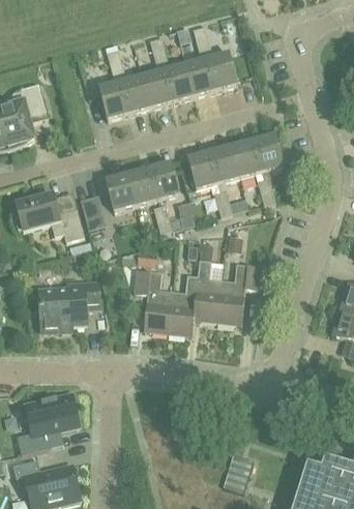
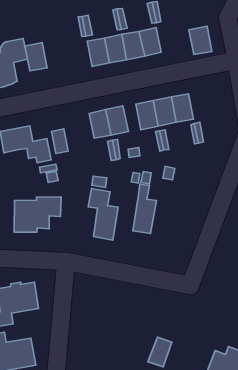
building: [206,53,237,90] -> [189,26,212,54]
building: [97,82,127,119] -> [25,42,47,71]
building: [253,134,283,173] -> none
building: [105,174,136,211] -> none
building: [215,264,260,324] -> none
building: [168,274,197,335] -> none

